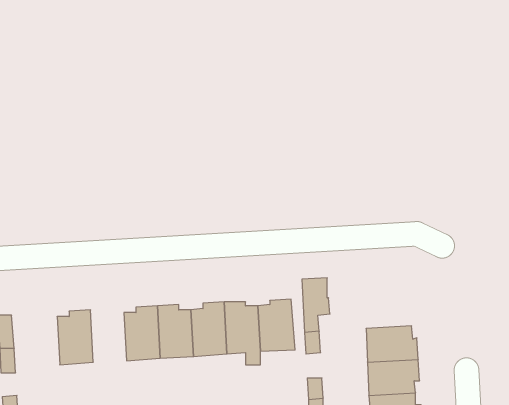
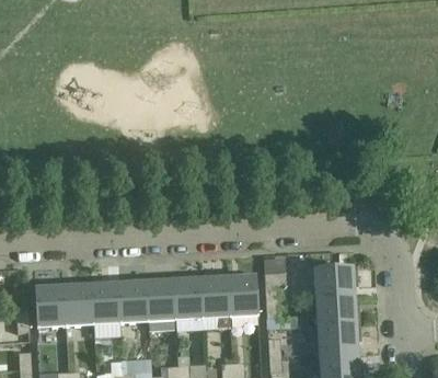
building: none -> [314,267,357,297]
building: none -> [91,280,120,324]
building: none -> [35,284,66,328]

